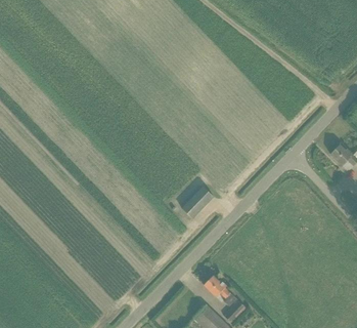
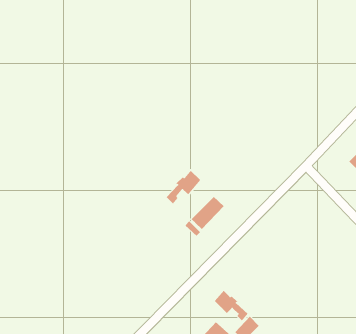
building: none -> [166,170,201,204]

